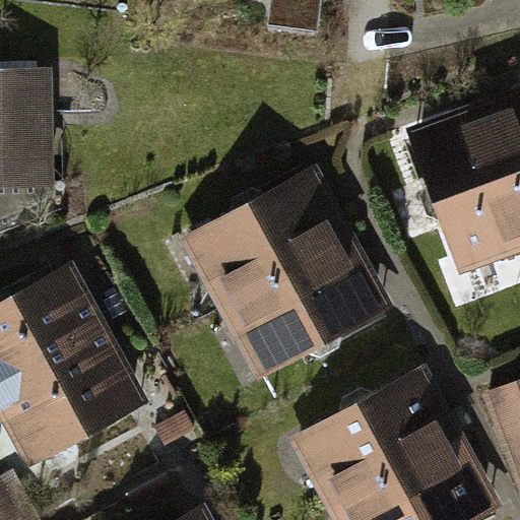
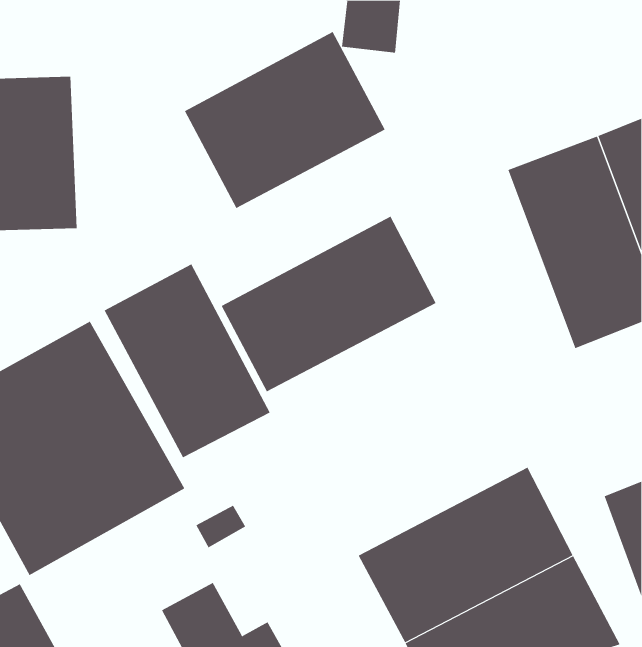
building: none -> [184,31,386,209]
building: none -> [104,263,270,458]
building: [213,244,386,384] -> none

